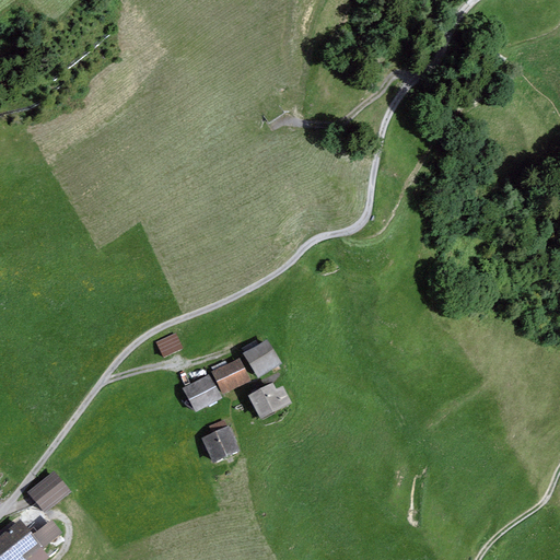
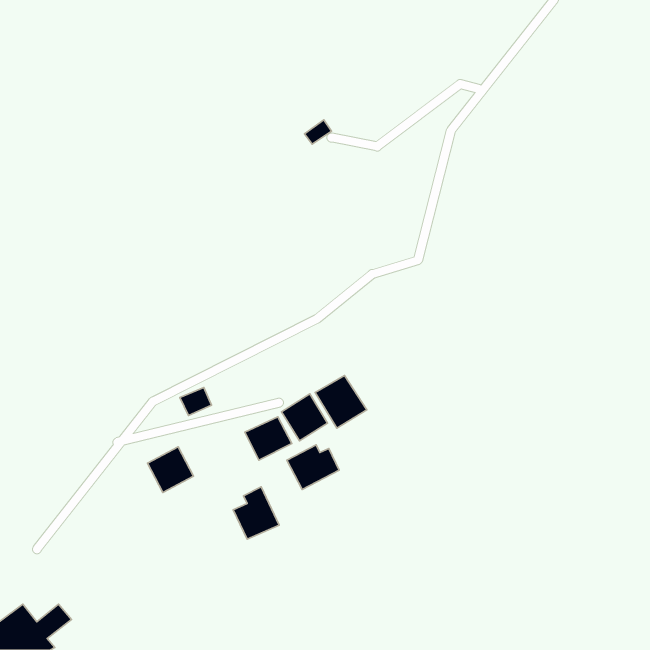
building: none -> [315,375,367,428]
building: [182,373,221,412] -> [147,447,193,493]
building: [26,470,70,513] -> none

